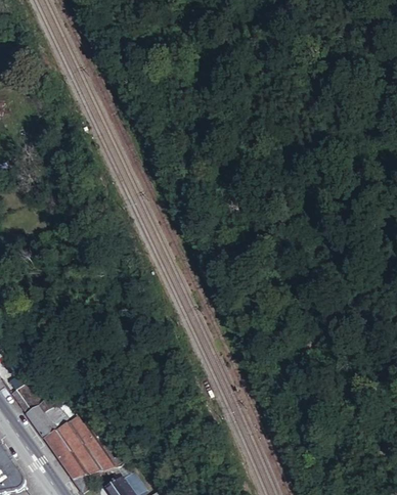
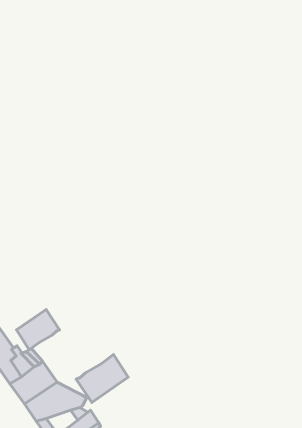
building: none -> [17,310,60,350]
building: none -> [76,354,128,402]

